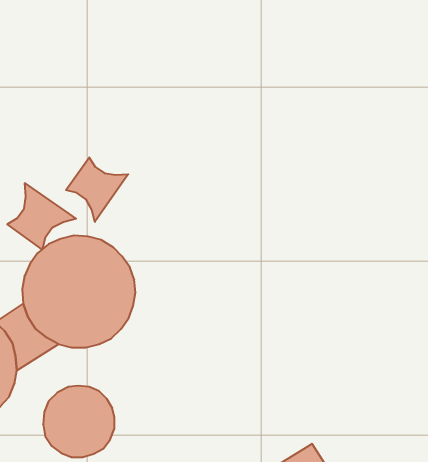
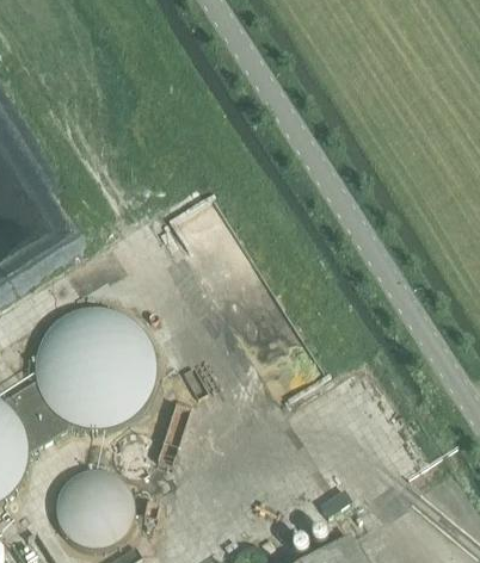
building: [66,157,128,222] -> none
building: [7,183,76,249] -> none

